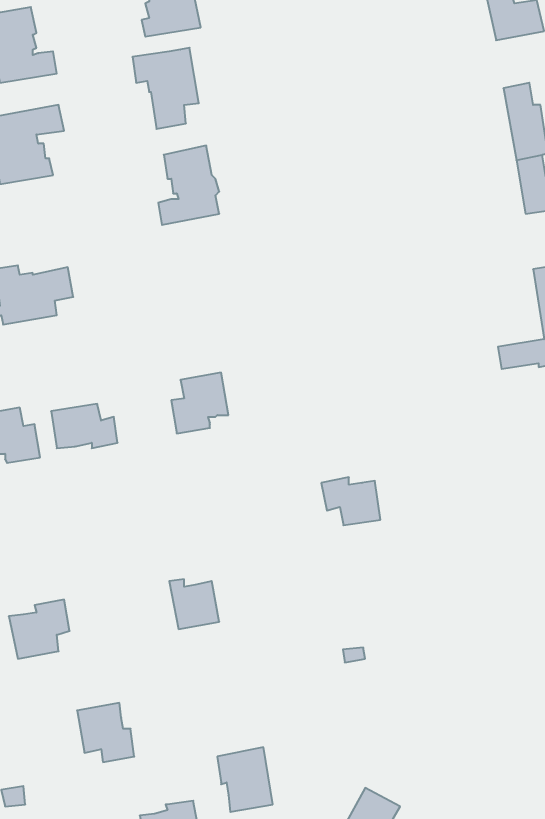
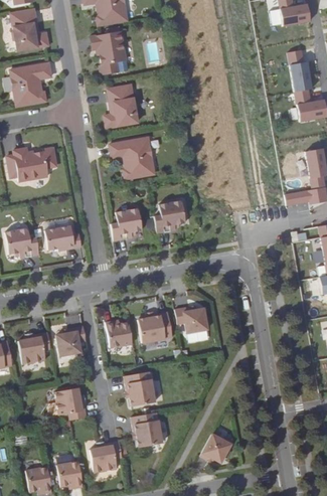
building: none -> [106,136,151,177]
building: none -> [151,199,182,232]
building: [321,477,380,525] -> [176,306,208,332]
building: none -> [139,311,173,342]
building: none -> [57,325,88,355]
building: none -> [125,371,156,405]

